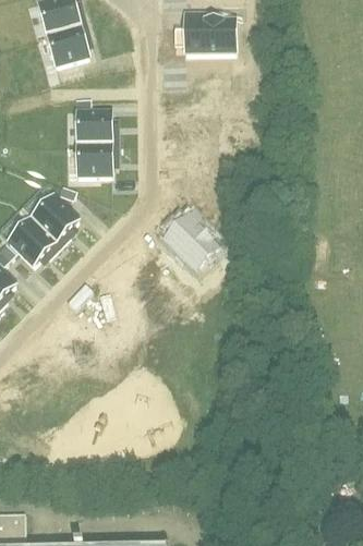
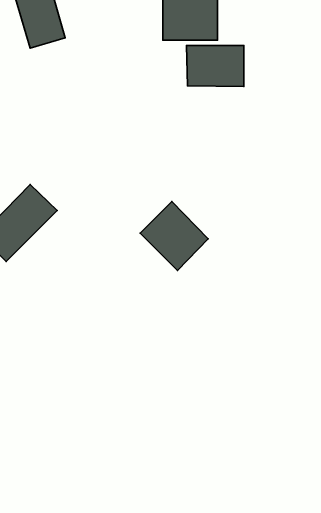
building: none -> [186,46,244,86]
building: [69,104,113,174] -> none

